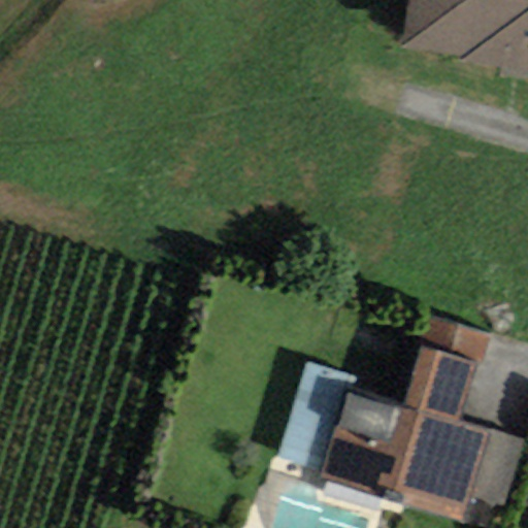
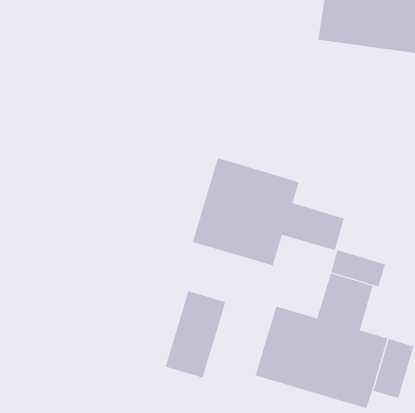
building: none -> [192,157,345,266]
building: [277,359,355,470] -> [165,290,226,378]

